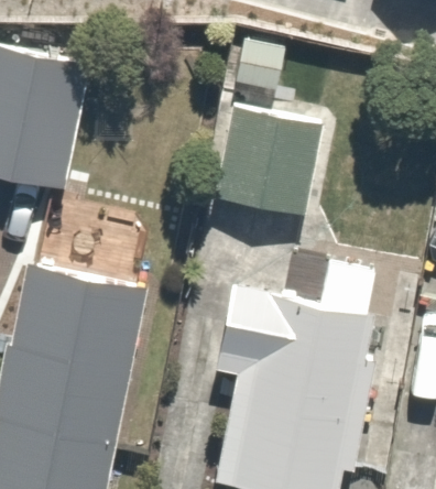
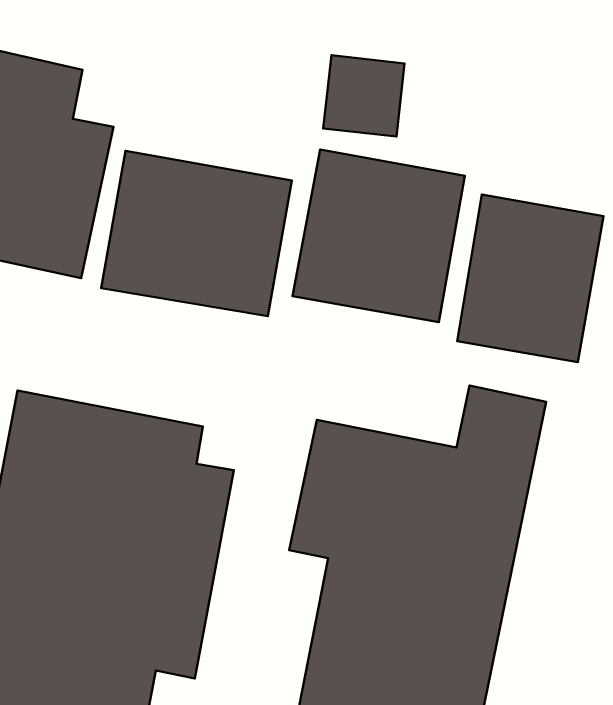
building: none -> [101,151,292,316]
building: none -> [457,195,604,362]

